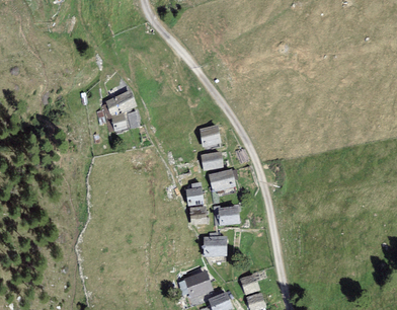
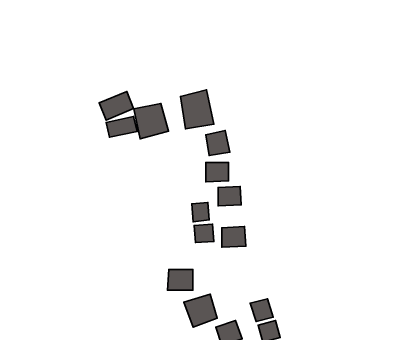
building: none -> [181,90,214,129]
building: none -> [134,104,168,139]
building: [204,237,226,255] -> [168,269,193,290]

